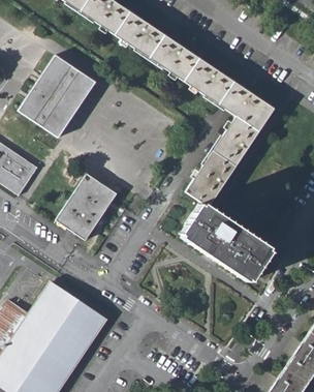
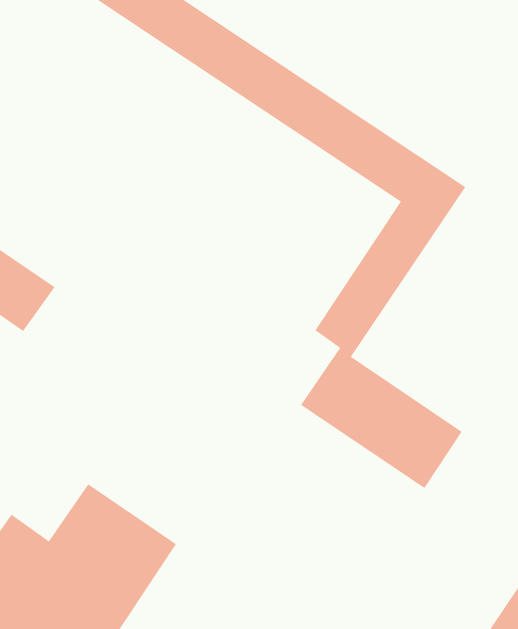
building: [19,57,96,138] -> none
building: [58,173,118,239] -> none

